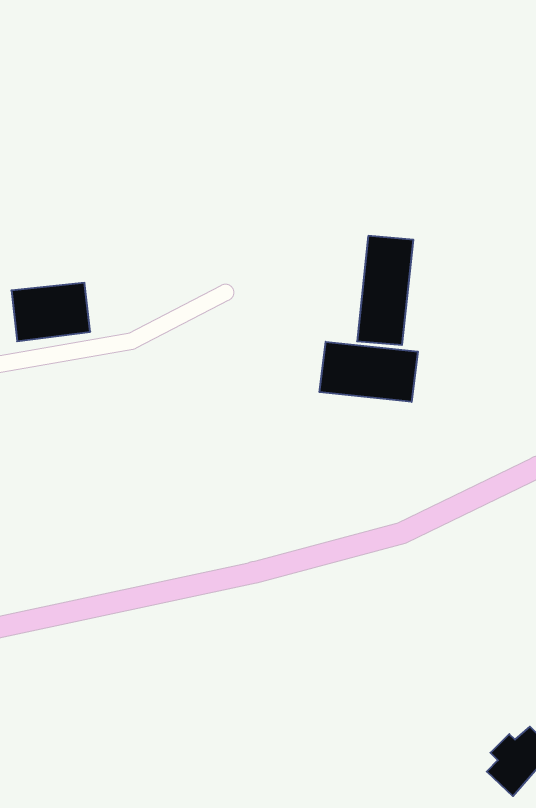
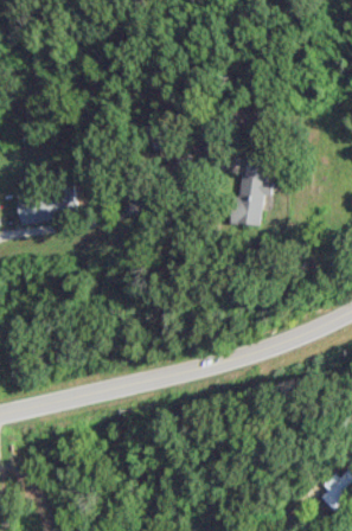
building: [319,342,418,402] -> none

